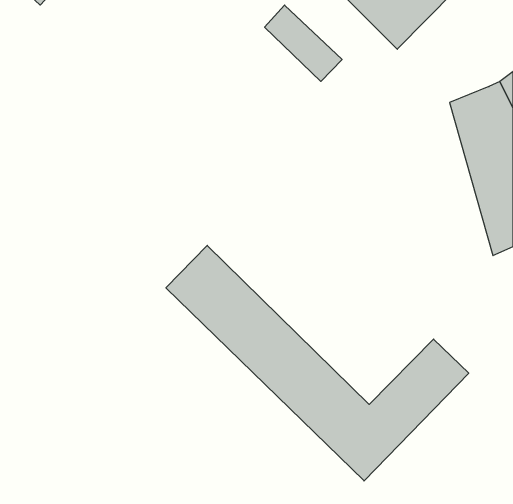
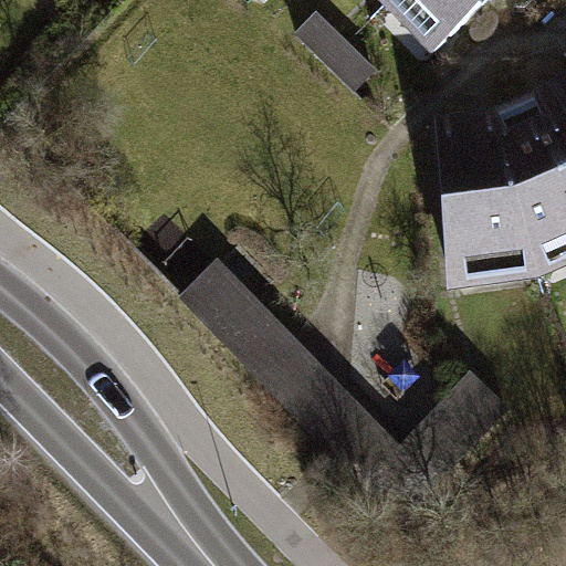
building: none -> [440,113,542,292]

